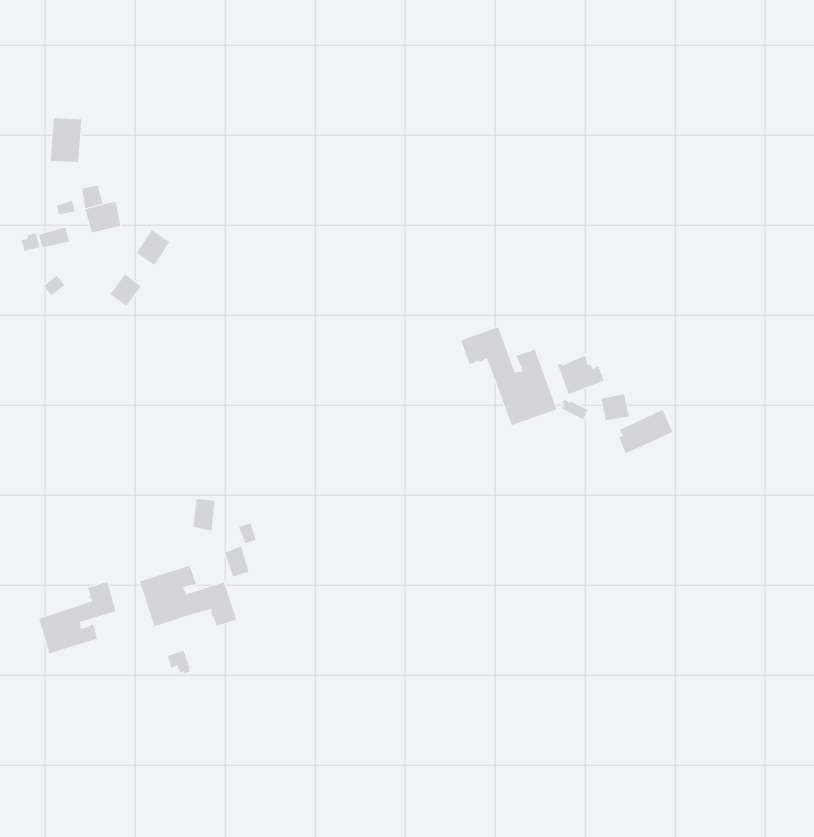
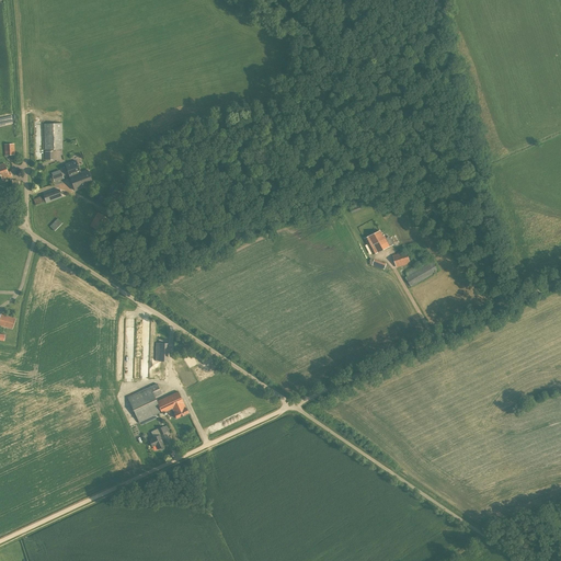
building: [461,327,557,426] -> none
building: [38,581,116,654] -> none

